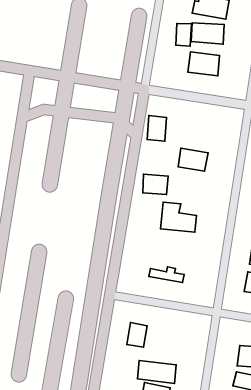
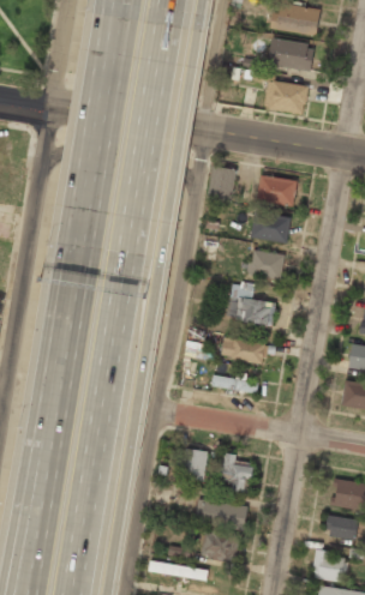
building: [176,23,191,46] -> none
building: none -> [257,176,295,205]
building: [143,174,168,195] -> [249,251,283,278]
building: none -> [221,337,265,363]
building: none -> [216,452,252,494]

